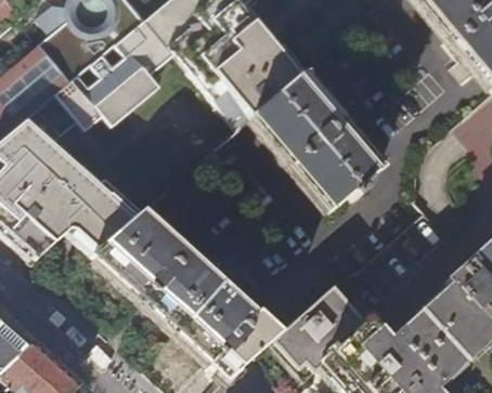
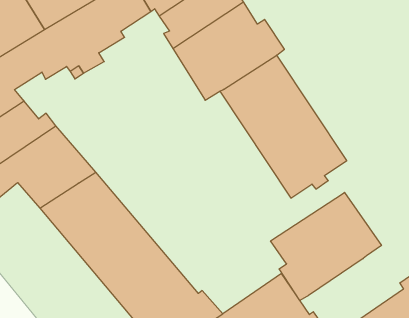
building: none -> [271,192,381,300]

